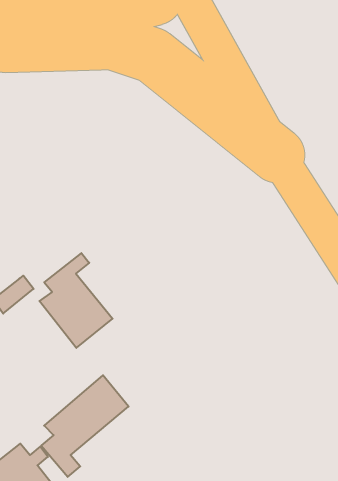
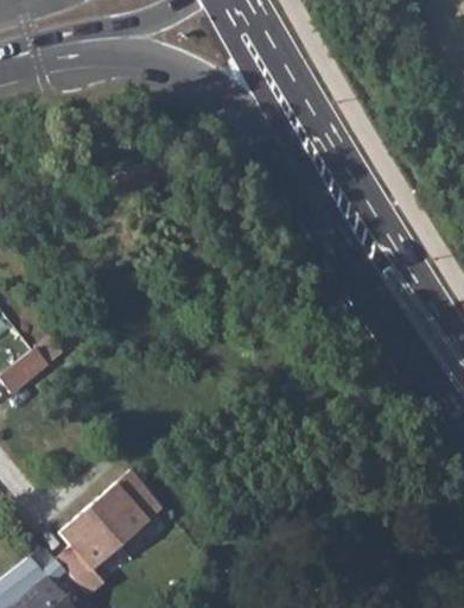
building: [39,253,113,348] -> none

